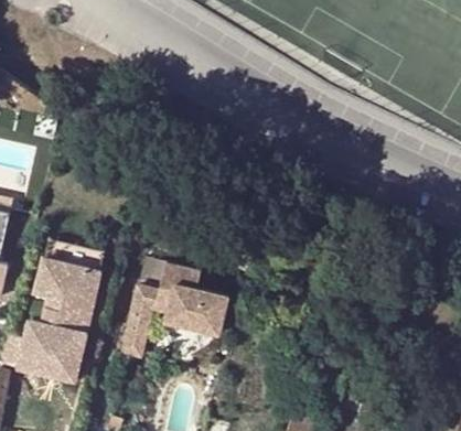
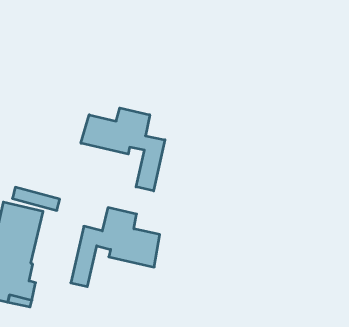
building: none -> [81,108,165,191]

